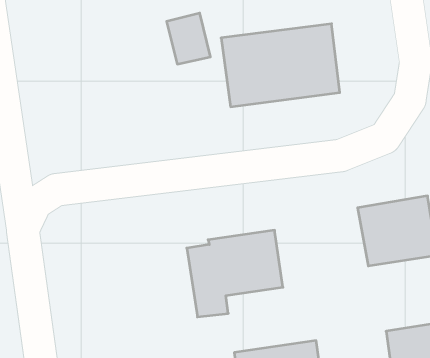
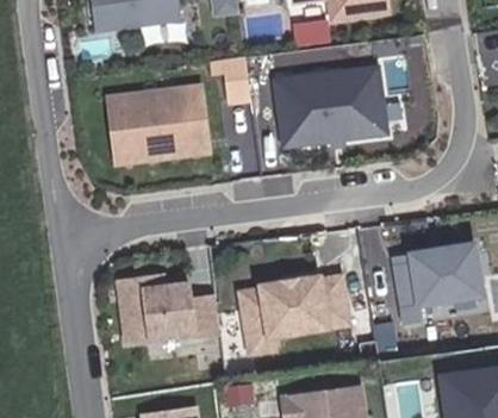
building: none -> [105,83,214,168]
building: none -> [114,272,203,345]

